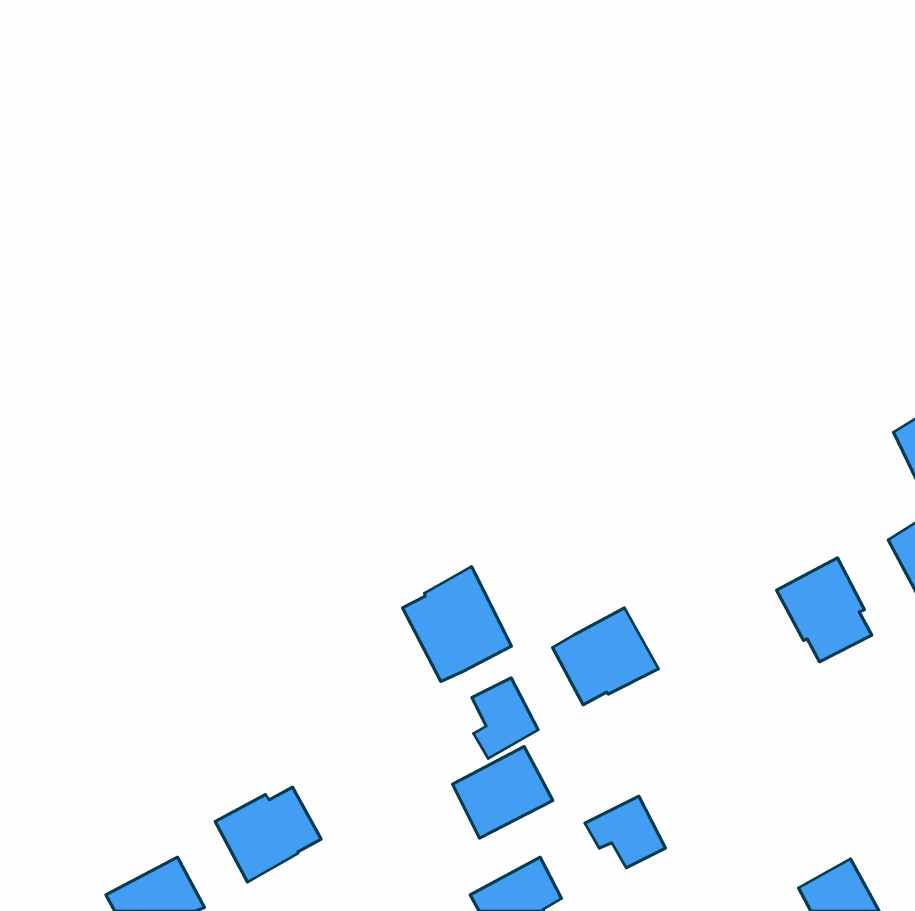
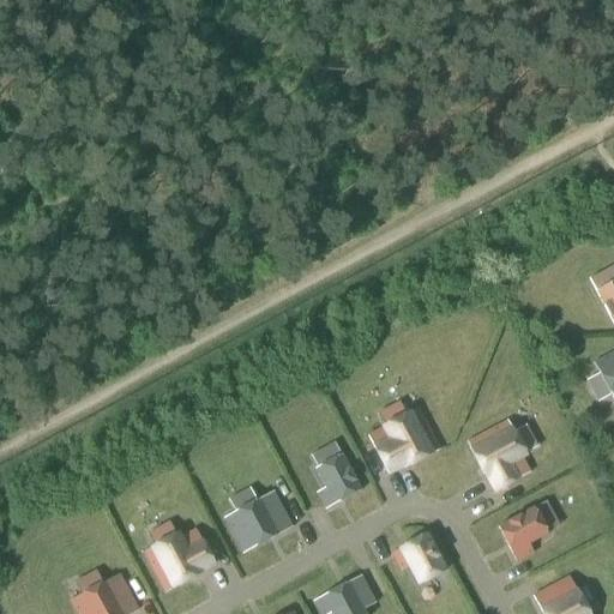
building: [777,558,872,662] -> [468,419,531,488]
building: [403,566,512,681] -> none
building: [452,747,553,838] -> [227,489,294,550]
building: none -> [499,506,549,559]

